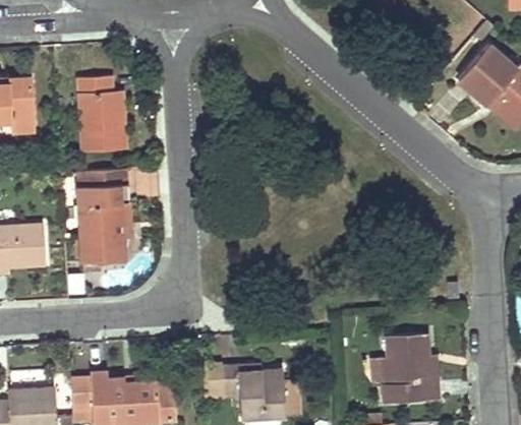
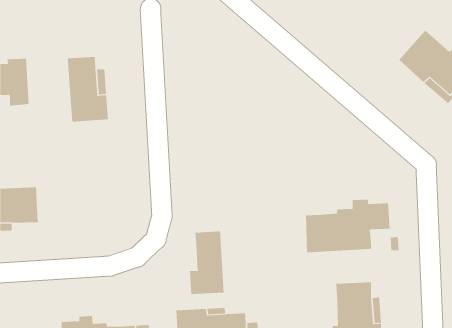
building: [77,169,130,263] -> none
building: none -> [306,199,390,253]
building: none -> [189,230,224,295]

